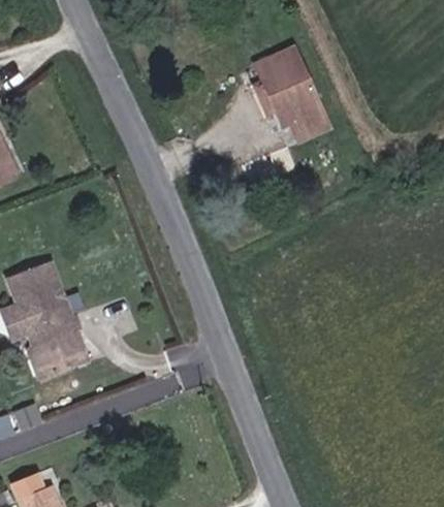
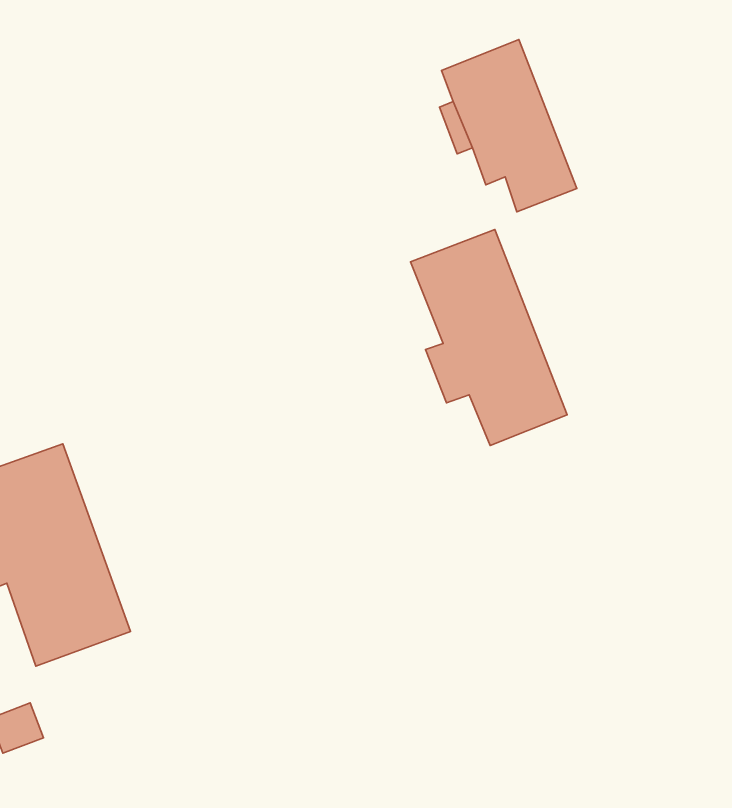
building: none -> [410,229,567,445]

